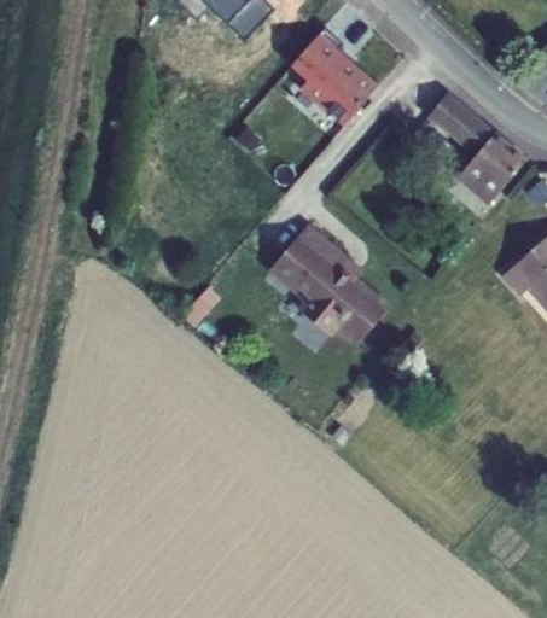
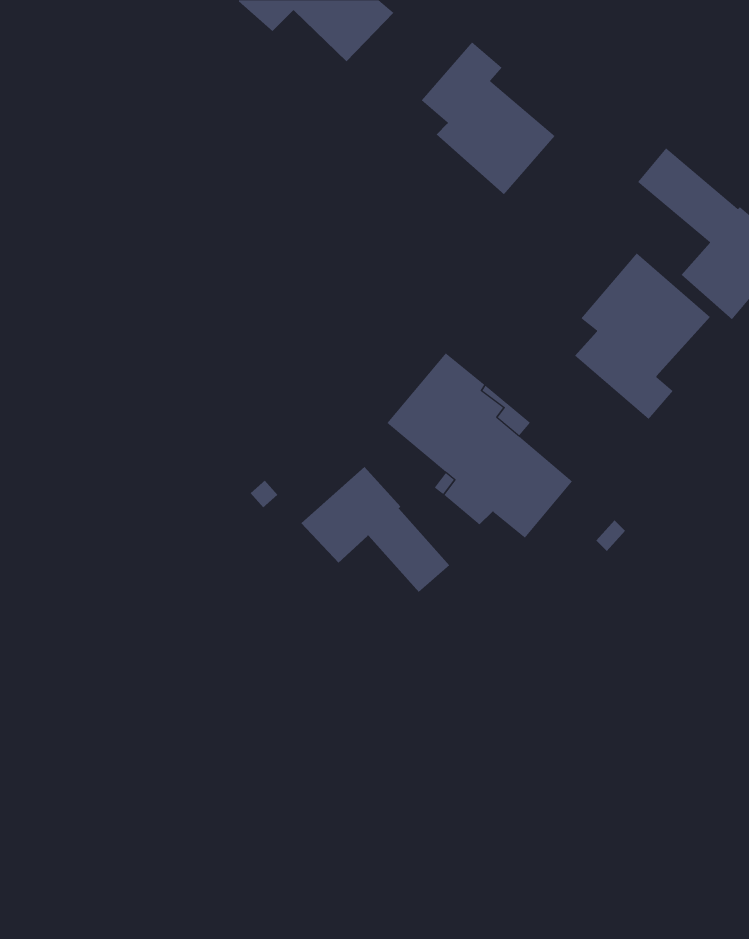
building: none -> [574,253,711,420]
building: none -> [300,466,450,593]

